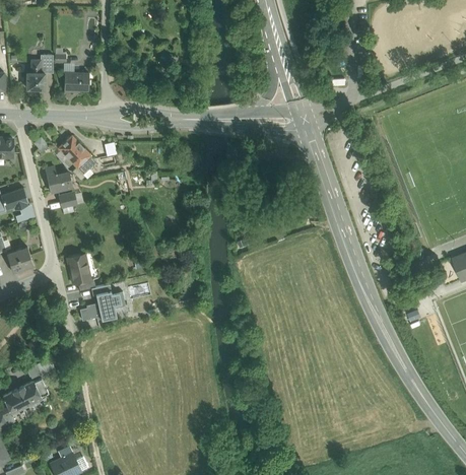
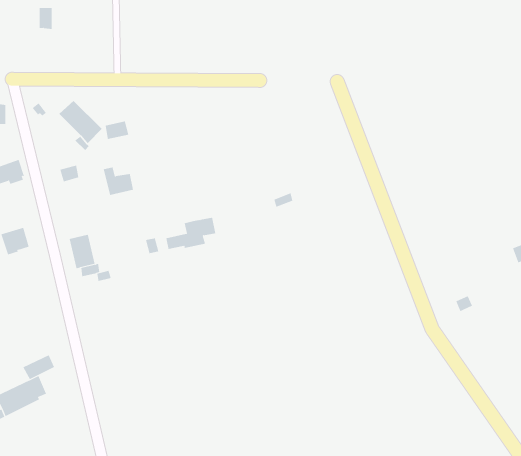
building: [26,60,45,91] -> none
building: [64,73,89,91] -> none
building: [45,167,72,193] -> [103,167,134,196]
building: [80,291,125,320] -> [165,217,216,250]

